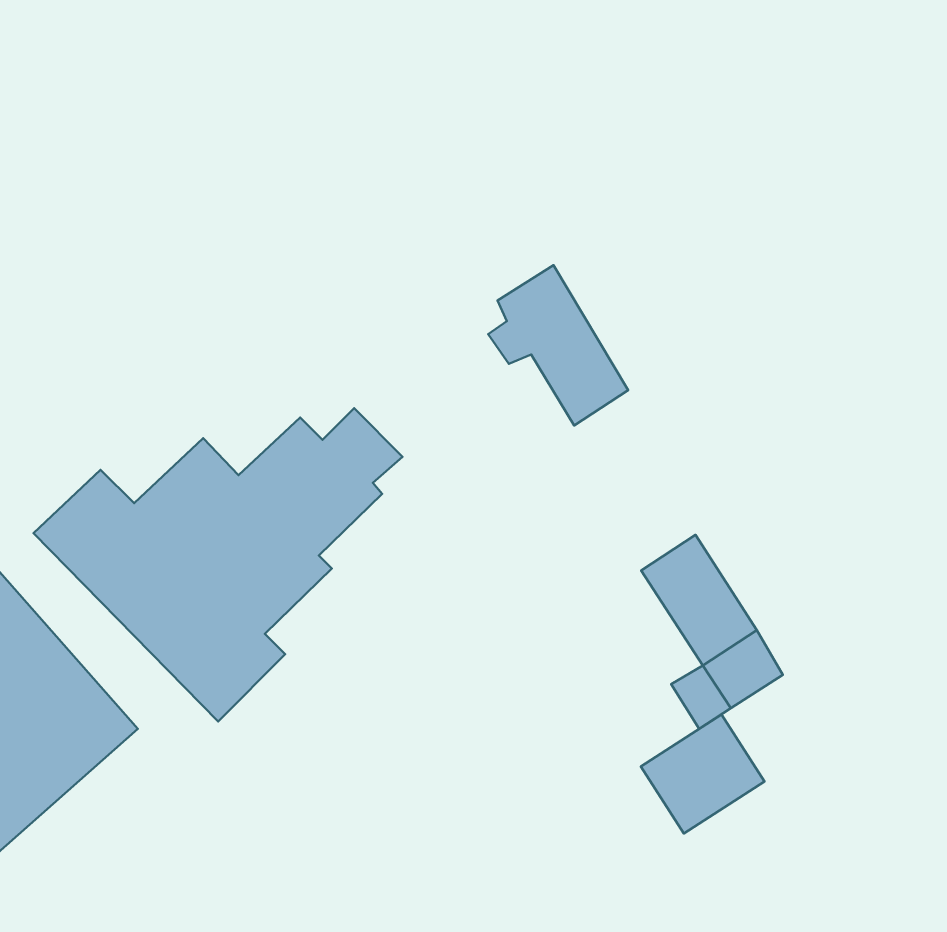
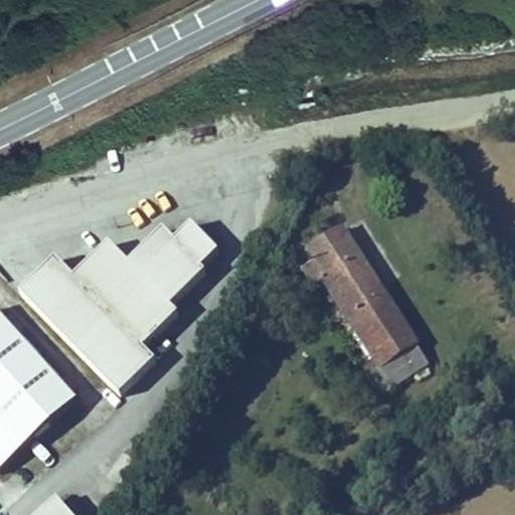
building: [488,265,628,425] -> [300,221,375,308]
building: [641,714,764,833] -> none

